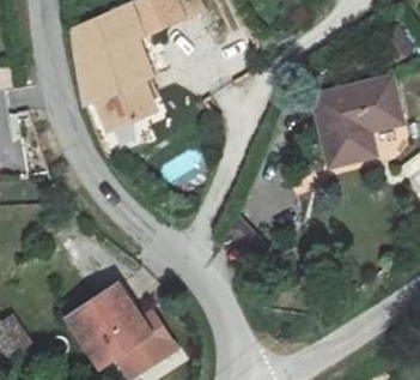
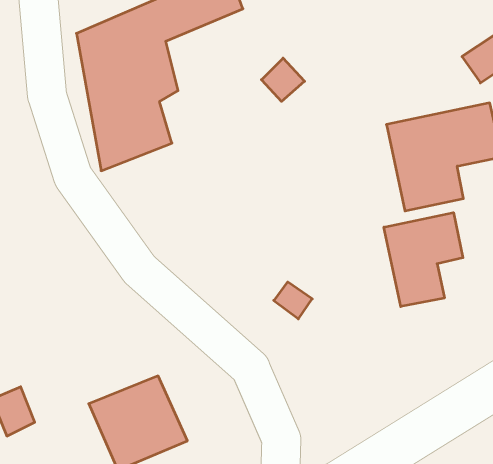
building: none -> [384,213,463,307]

